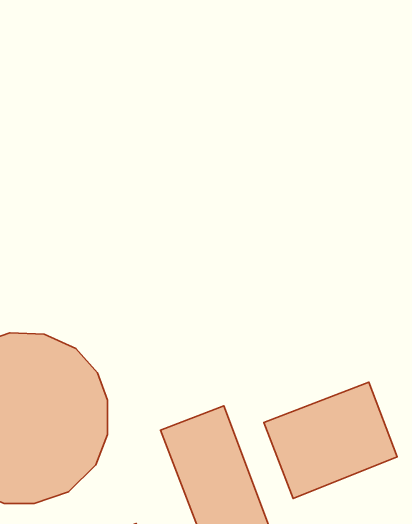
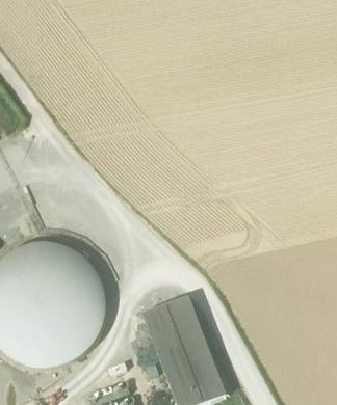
building: [264,382,397,498] -> none

